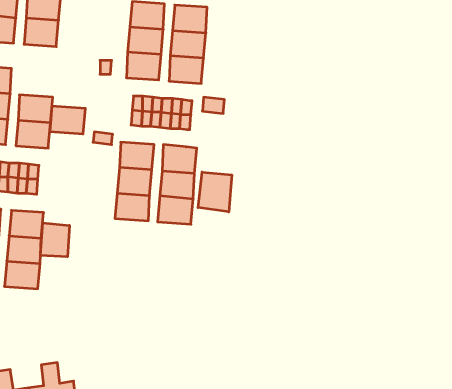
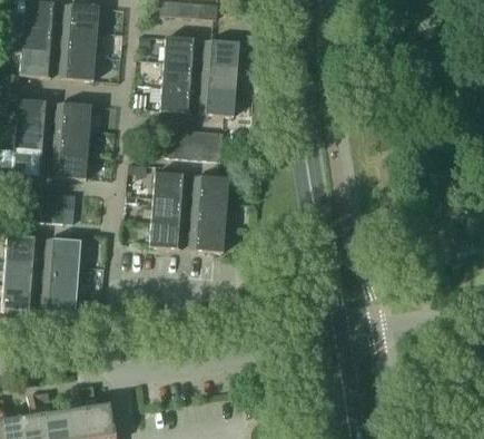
building: [50,106,85,134] -> [57,103,91,129]
building: [198,172,232,212] -> none
building: [40,223,69,257] -> none

